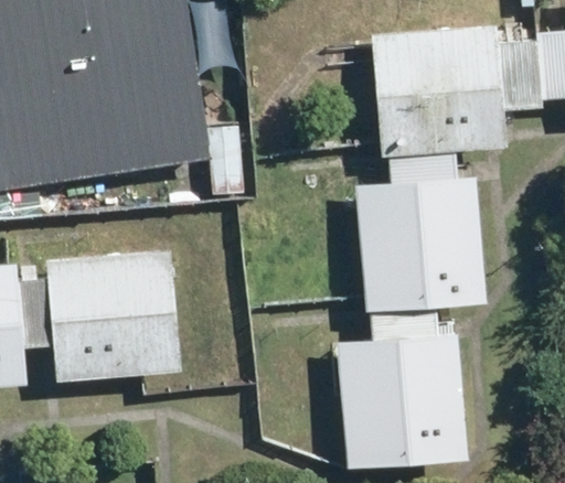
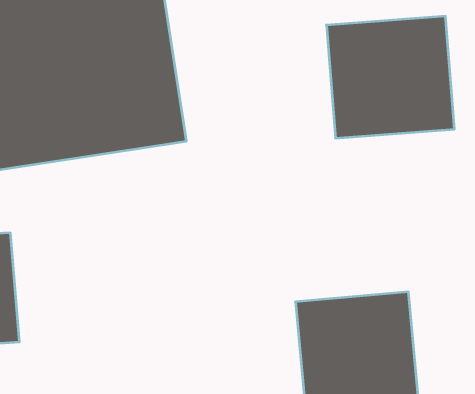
building: [351,174,487,316] -> none
building: [39,249,182,378] -> none

